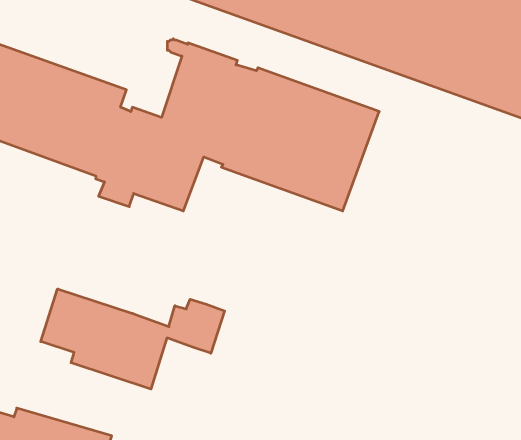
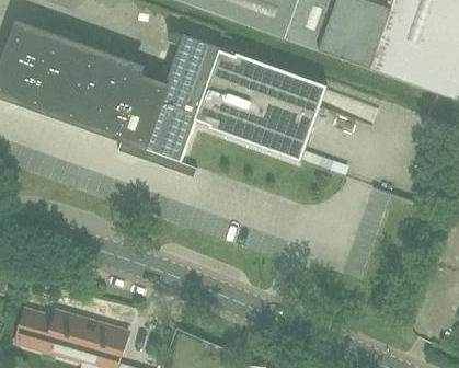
building: [41,289,225,389] -> none

